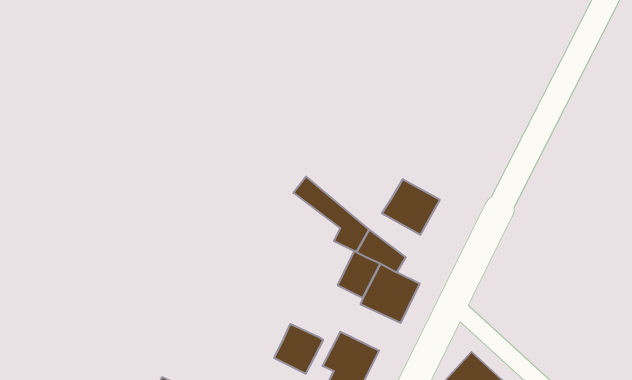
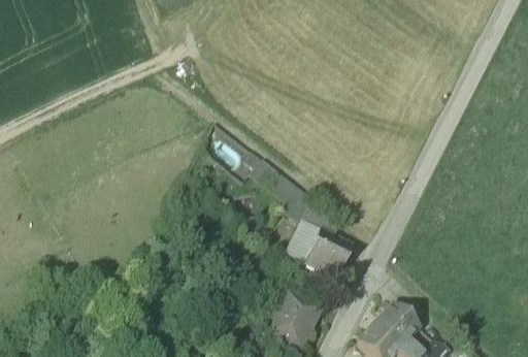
building: [382,179,440,235] -> none
building: [274,324,323,374] -> none

